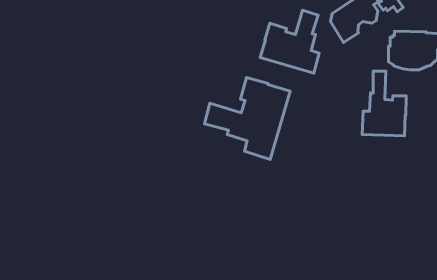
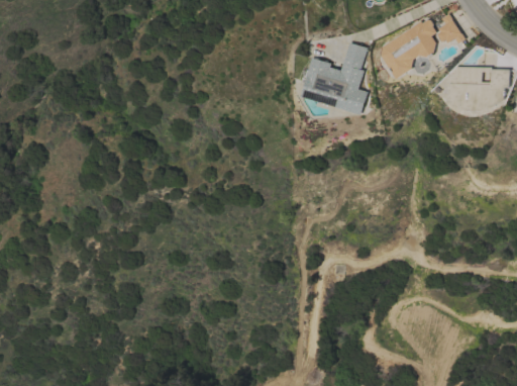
building: [362,71,406,136] -> none
building: [204,78,290,160] -> none

